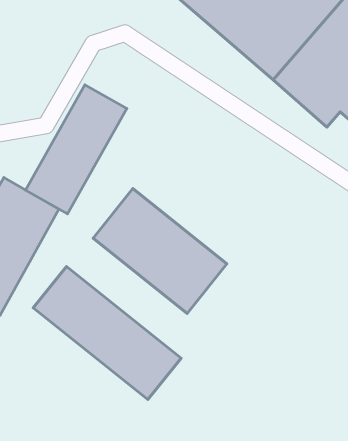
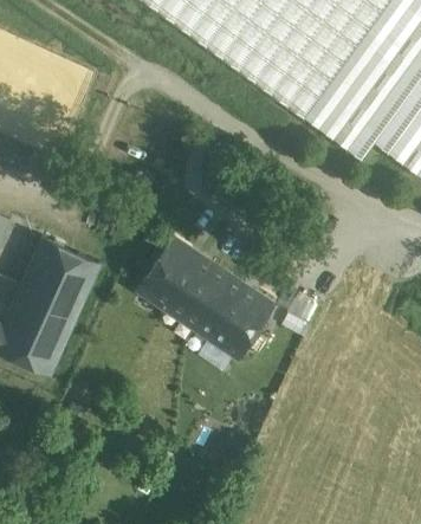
building: [26,85,127,214] -> none
building: [33,267,181,400] -> none

